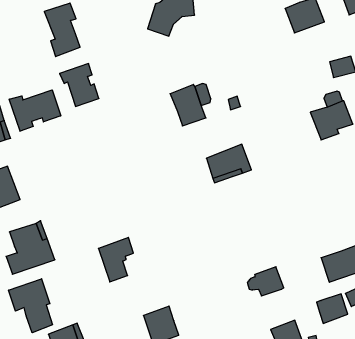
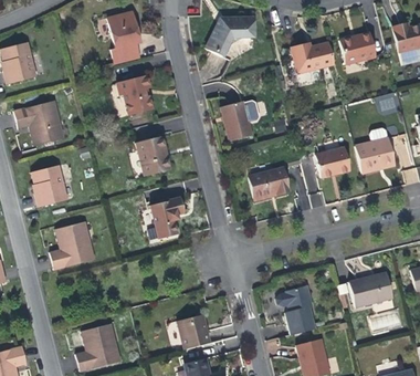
building: none -> [292,42,334,73]
building: [9,90,61,131] -> none
building: none -> [316,145,348,176]
building: none -> [137,134,171,175]
building: [98,237,133,282] -> [150,197,183,238]
building: [9,279,53,333] -> none
building: [317,294,348,323] -> [285,309,314,335]

